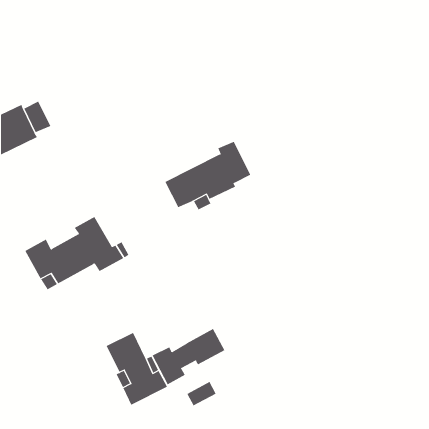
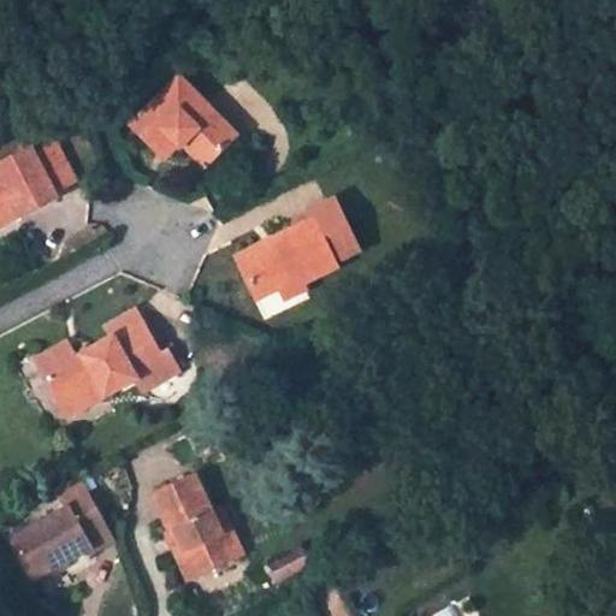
building: none -> [134,81,237,165]
building: [152,328,225,385] -> none
building: none -> [11,473,112,576]

